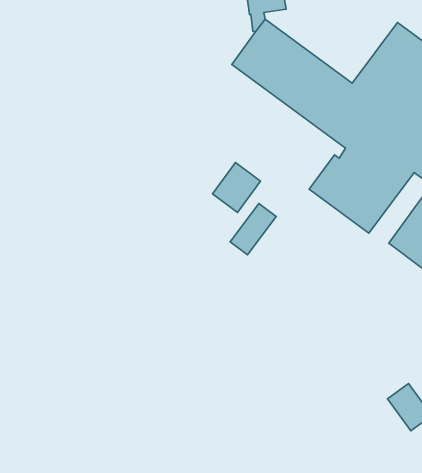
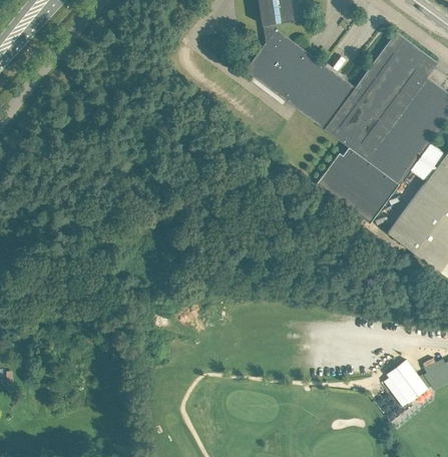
building: [213,163,260,212] -> none
building: [230,203,276,255] -> none

